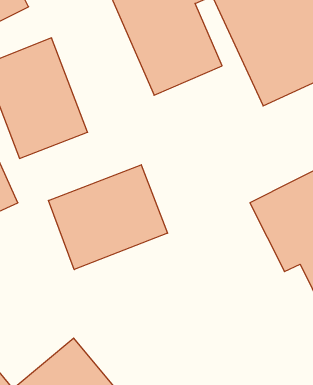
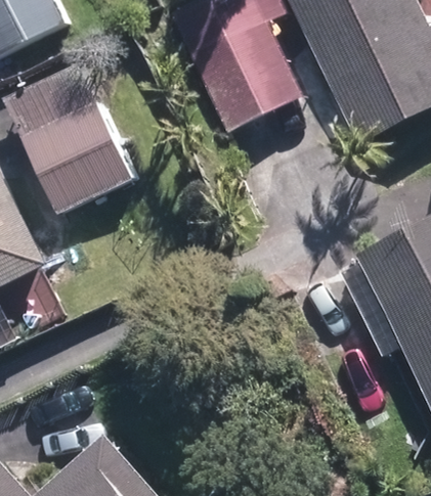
building: [48,165,168,270] -> none

